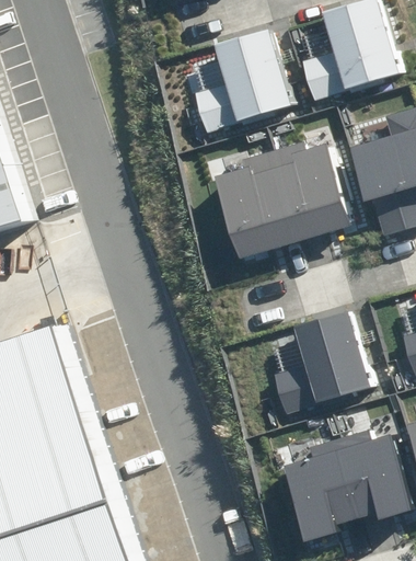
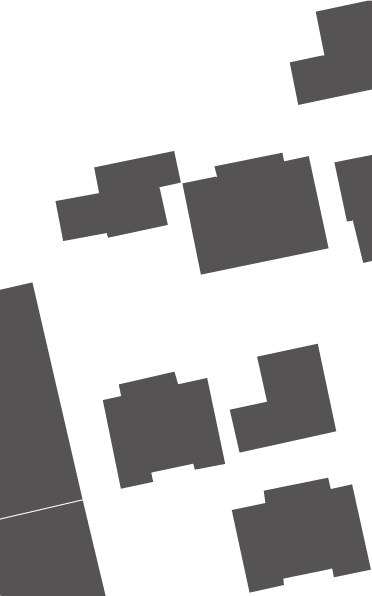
building: [193,27,292,134] -> none
building: none -> [55,150,182,242]
building: none -> [102,371,226,490]

